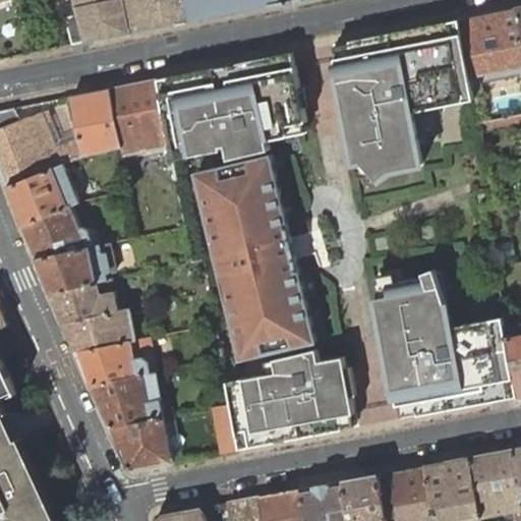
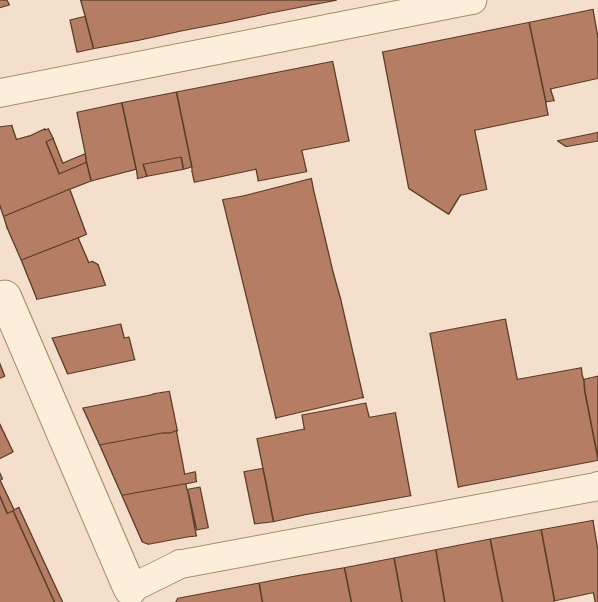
building: [32,244,111,293] -> none
building: [58,309,132,353] -> none

